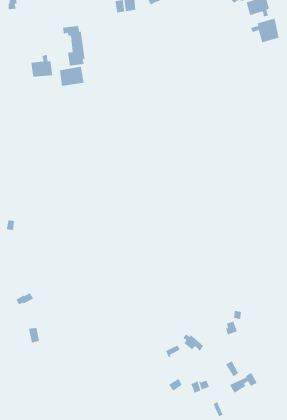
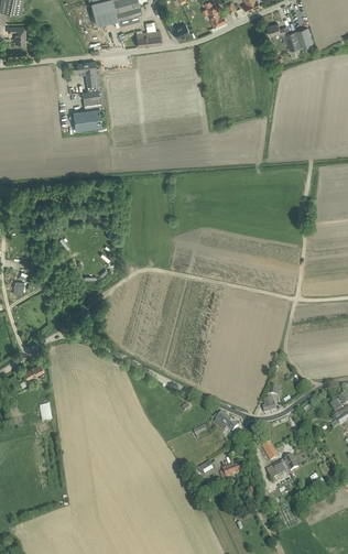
building: [250,18,279,43] -> none
building: [31,54,53,77] -> none

